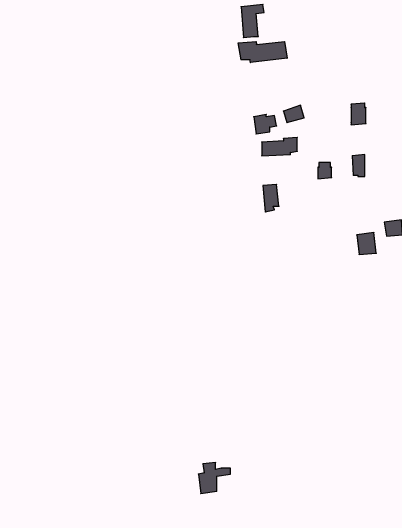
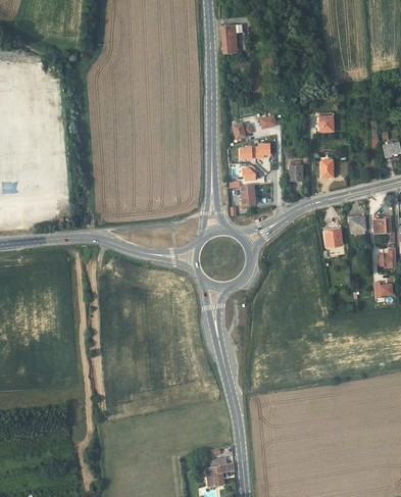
building: [238,42,287,63] -> none
building: [198,463,230,494] -> [205,458,234,486]

